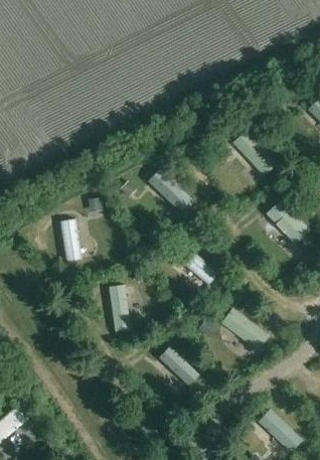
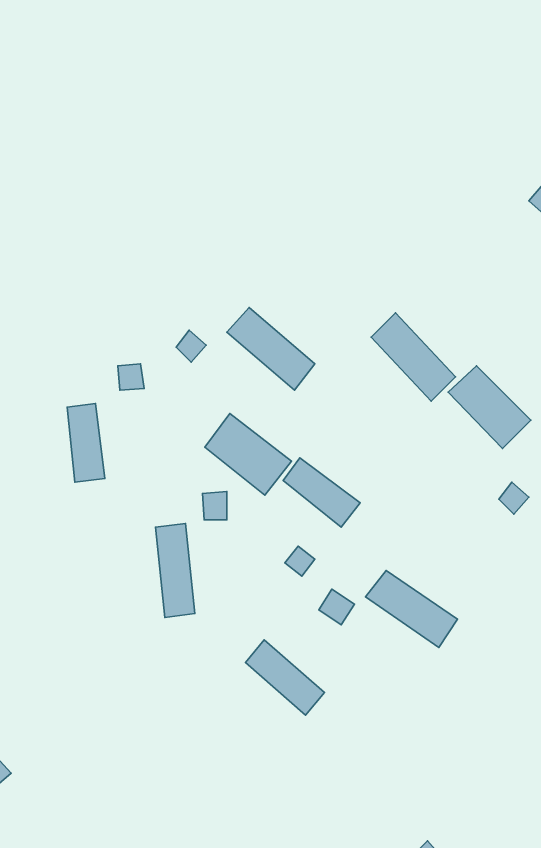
building: [233,129,279,176] -> [371,313,456,401]
building: none -> [205,414,292,495]
building: [259,409,303,452] -> none

